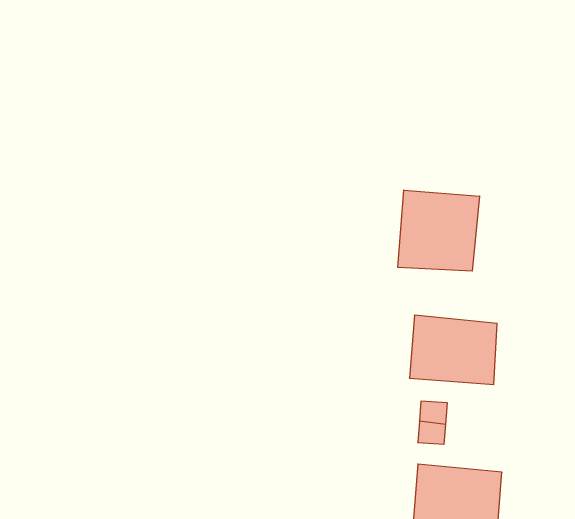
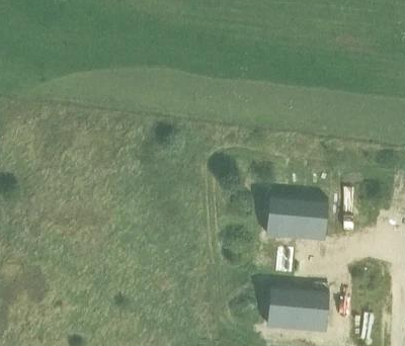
building: [398,190,480,271] -> none

